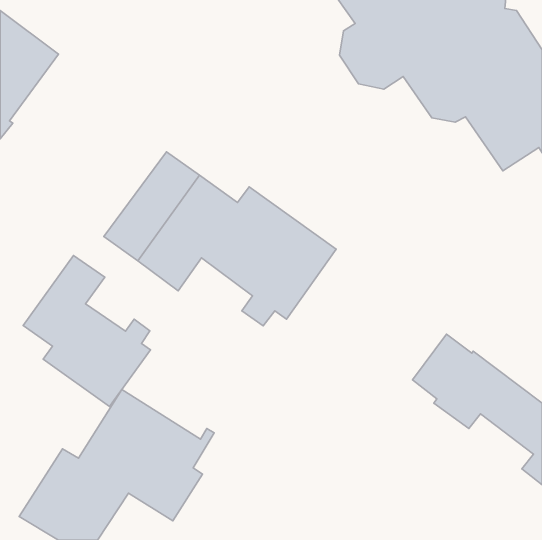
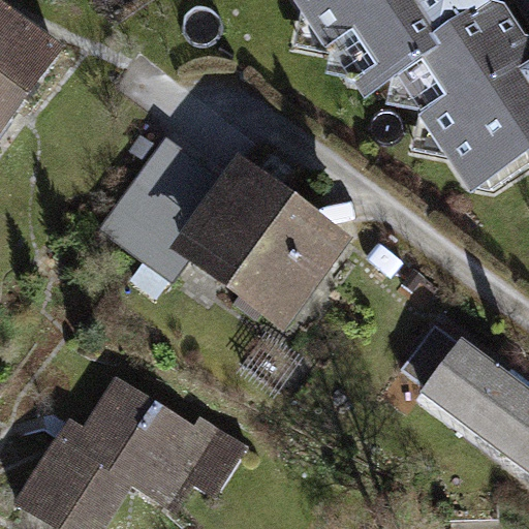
building: [23,256,150,407] -> none

